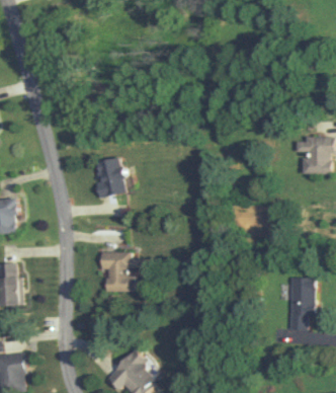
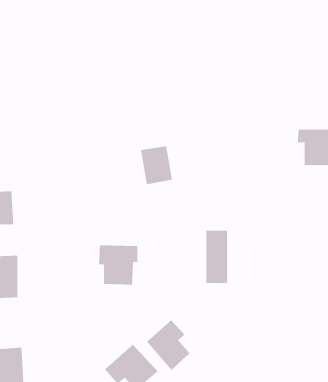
building: [93,158,125,198] -> [140,145,173,185]
building: [290,278,313,331] -> [205,230,228,284]
building: none -> [146,319,190,371]

